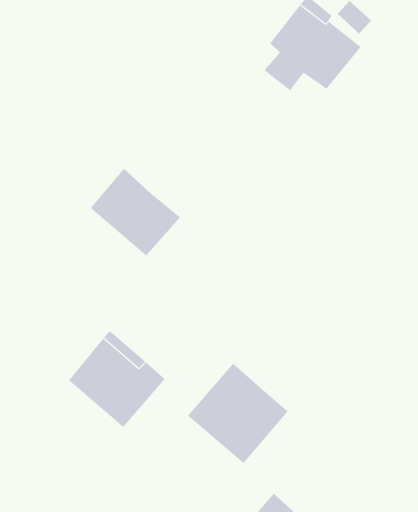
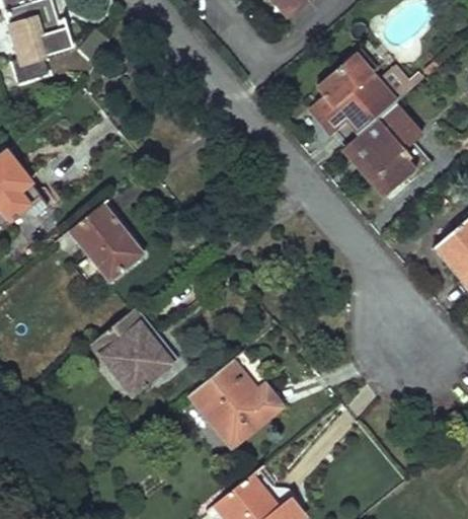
building: none -> [357,103,423,197]
building: [90,168,181,256] -> [68,205,145,285]

